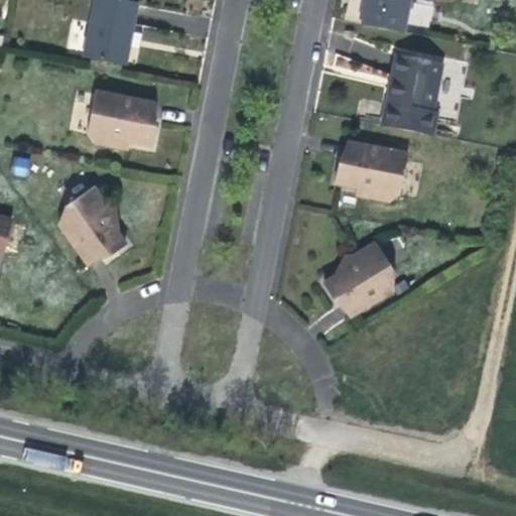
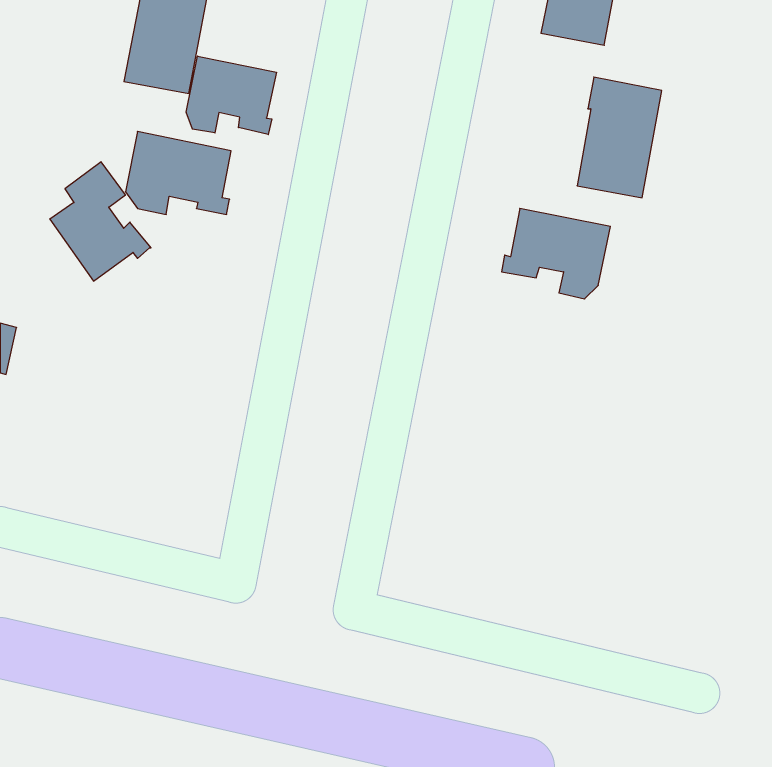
building: none -> [186,56,276,135]
building: [57,183,125,263] -> [50,162,151,281]
building: [322,243,404,314] -> none

